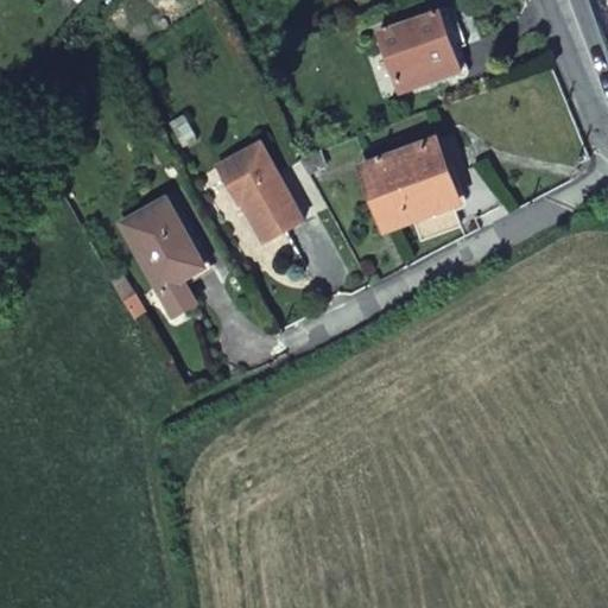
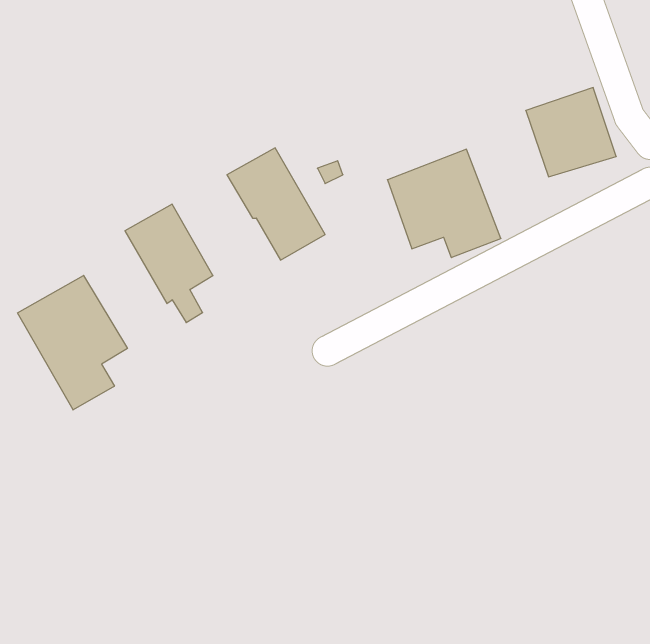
building: [375,11,460,94] -> [526,88,616,177]
building: none -> [18,275,127,410]

